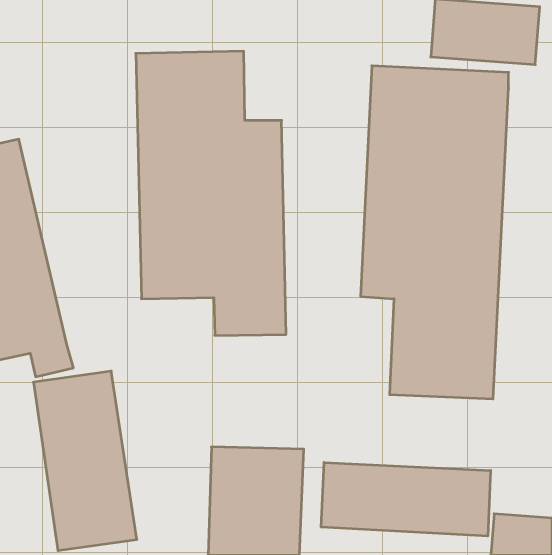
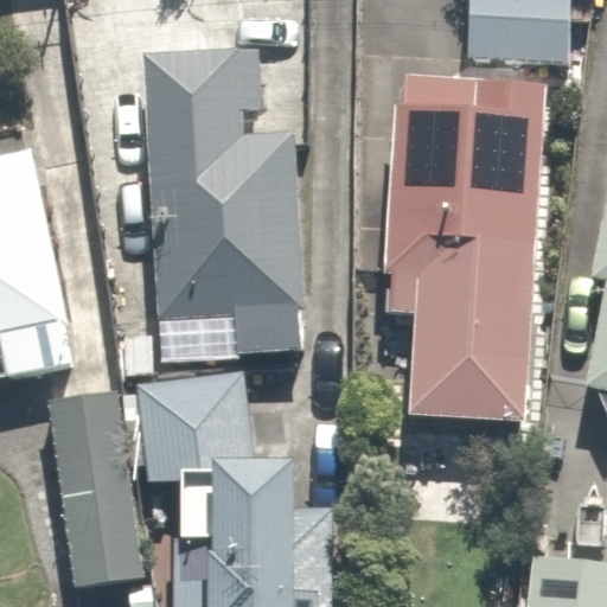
building: none -> [132,370,261,475]
building: [321,462,491,536] -> none

